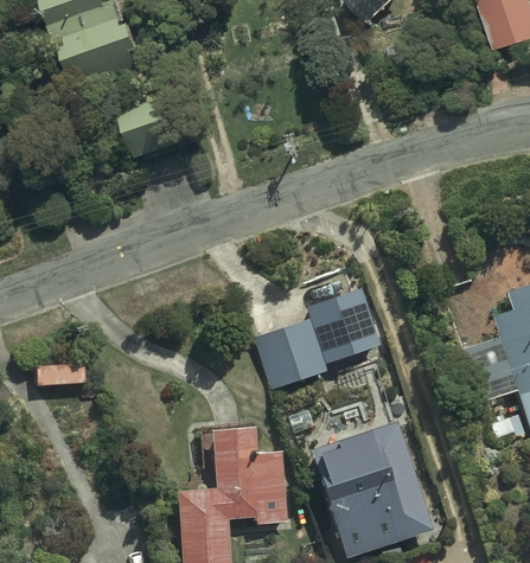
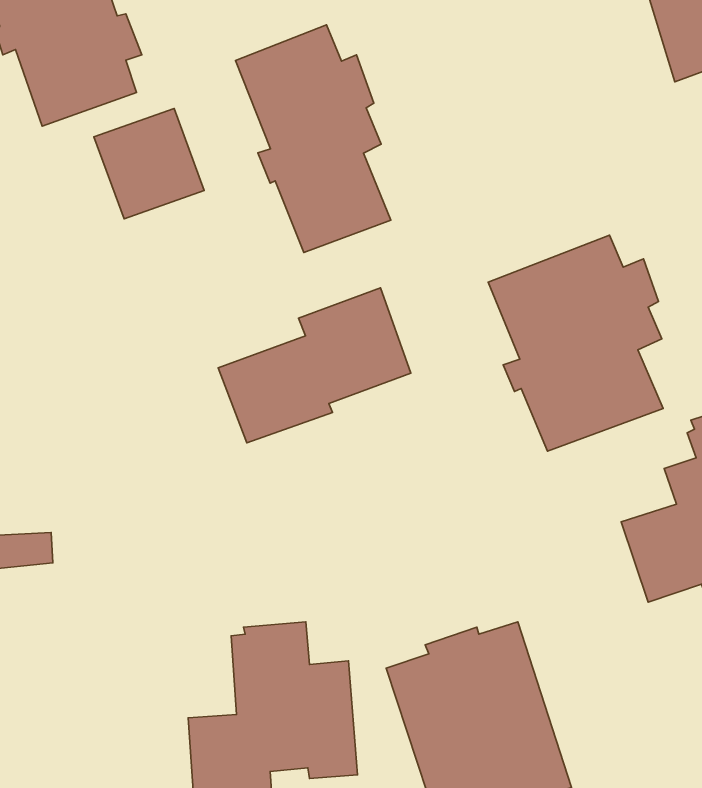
building: none -> [235,25,391,252]
building: none -> [488,235,663,451]
building: [254,287,382,390] -> [218,288,411,443]

